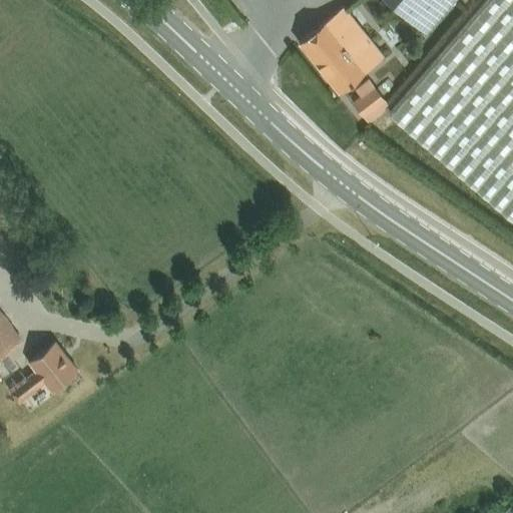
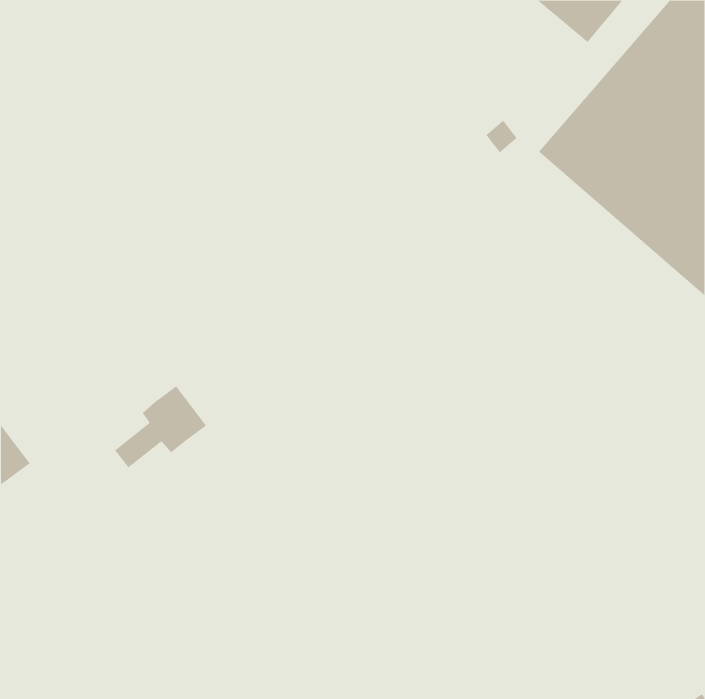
building: [301,9,384,93] -> none
building: [11,344,78,404] -> [114,386,207,468]

